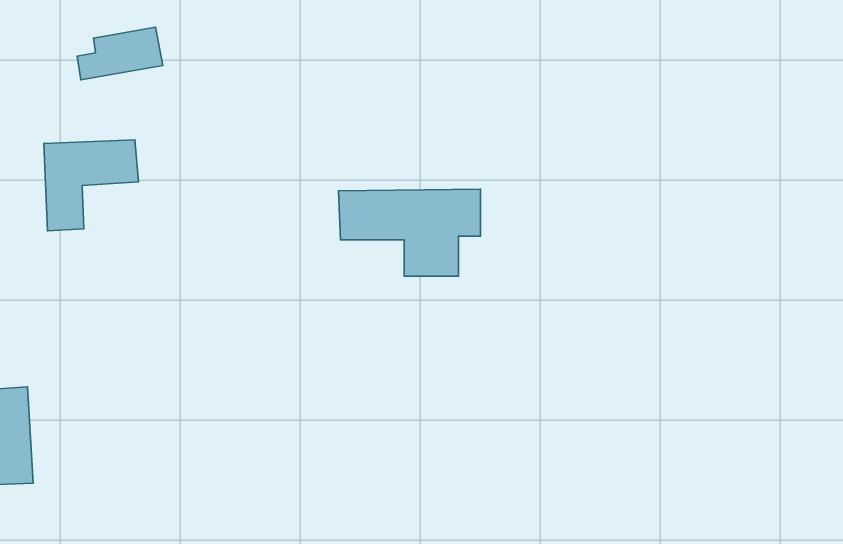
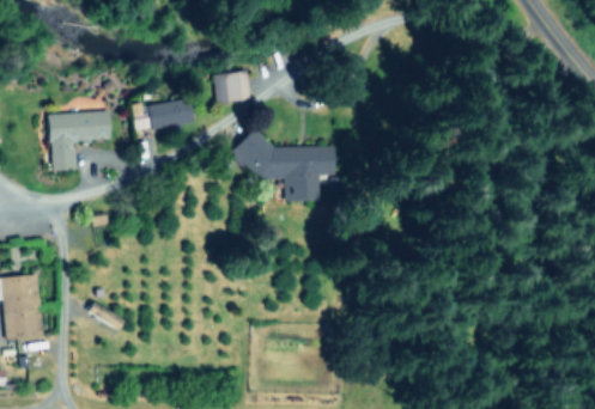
building: [77,27,163,80] -> [136,98,193,133]
building: none -> [224,69,251,103]

